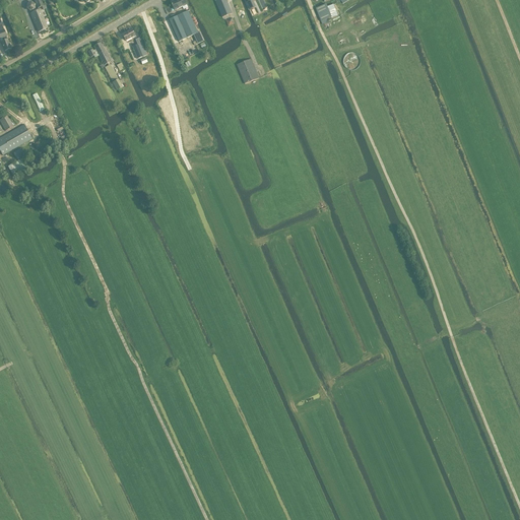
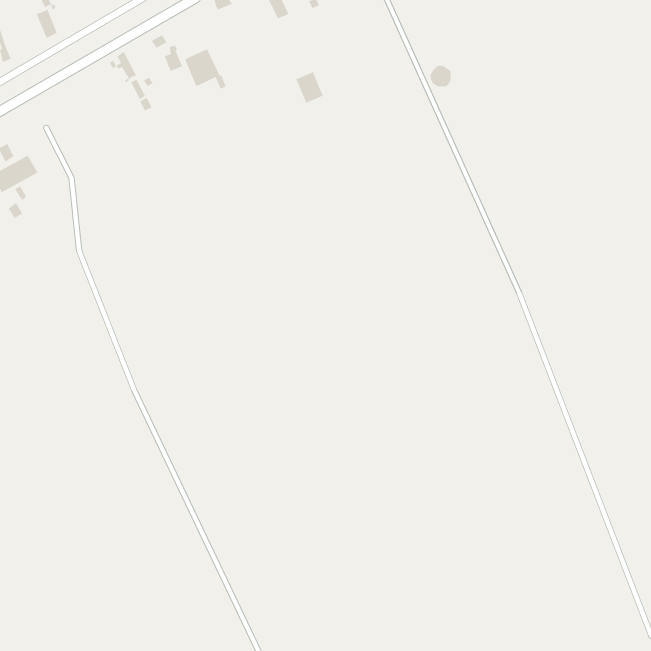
building: [168,9,201,42] -> [184,48,227,89]

